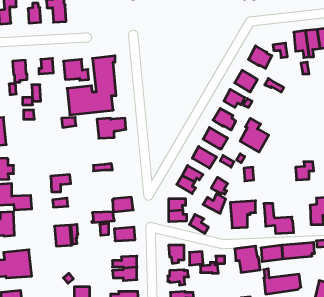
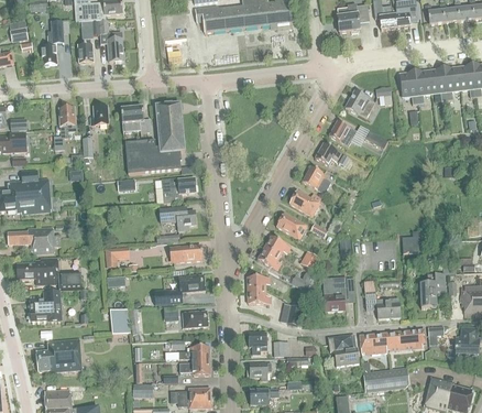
building: [240,118,269,152] -> none
building: none -> [160,206,195,230]
building: none -> [169,244,201,262]

